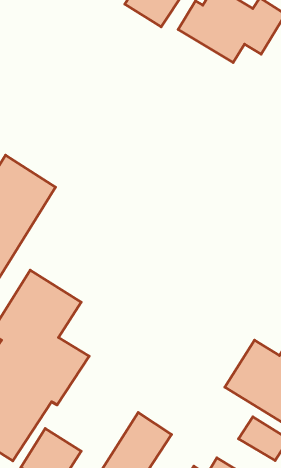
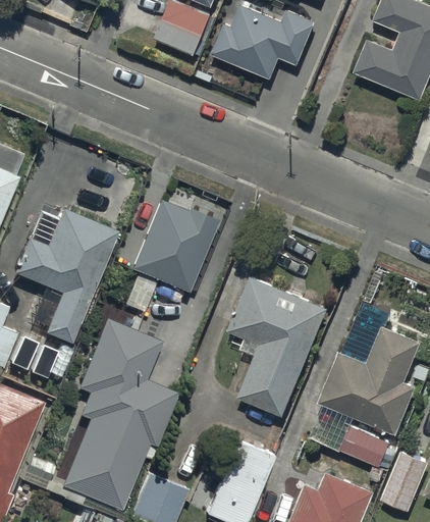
building: none -> [130,201,217,294]
building: none -> [227,275,327,416]

